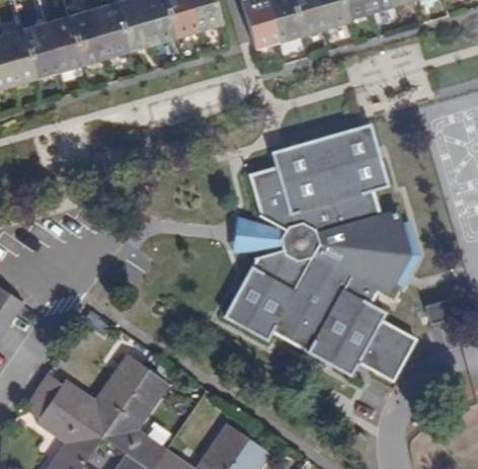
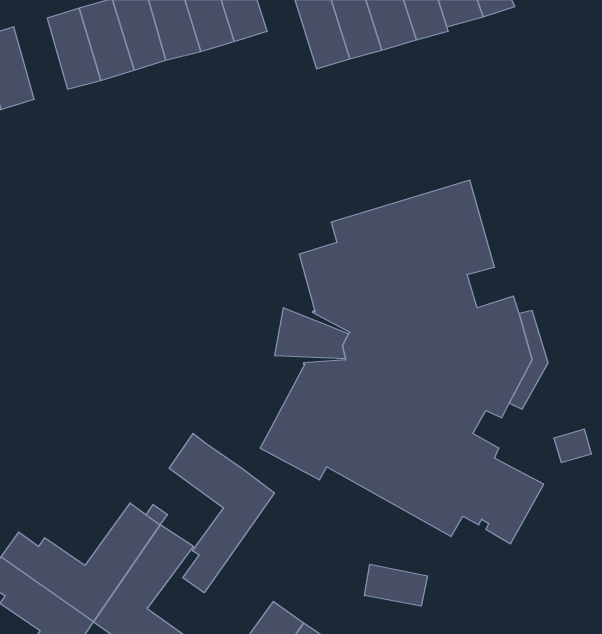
building: [47,14,84,71] -> none
building: none -> [169,433,274,593]
building: none -> [365,564,428,606]

